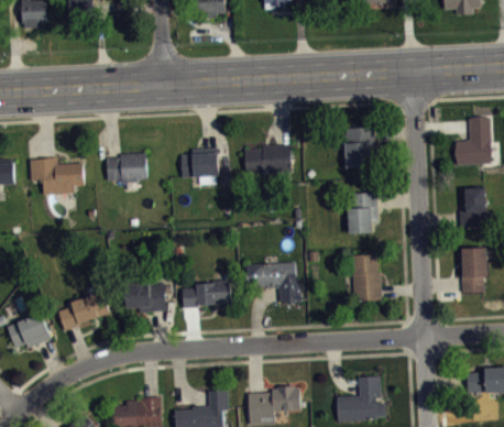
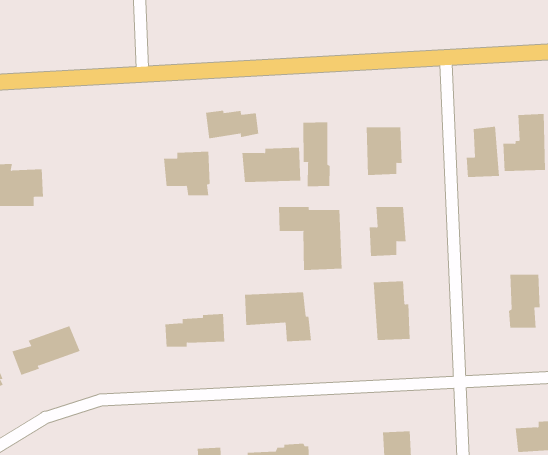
building: none -> [205,110,259,139]
building: none -> [303,121,330,187]
building: [106,152,146,182] -> none
building: [460,186,487,228] -> [466,126,500,177]
building: none -> [279,206,342,271]
building: [124,282,167,311] -> none

